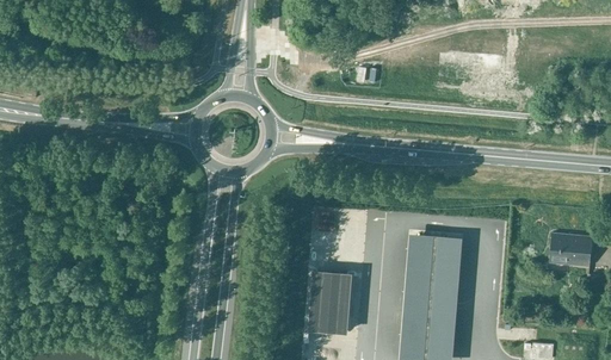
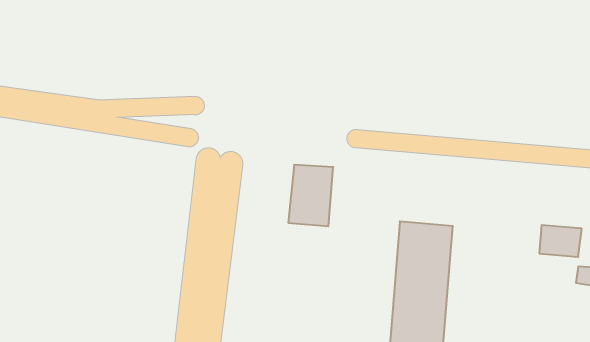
building: [307,274,352,336] -> [288,165,333,226]

